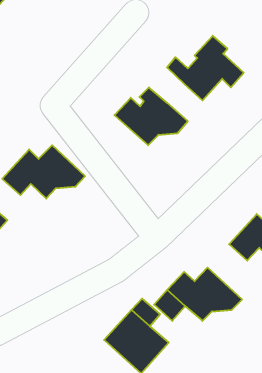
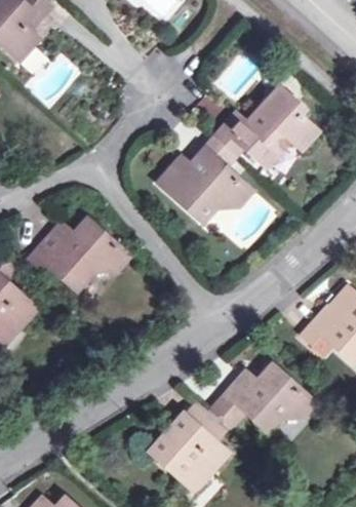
building: none -> [203,126,245,168]

